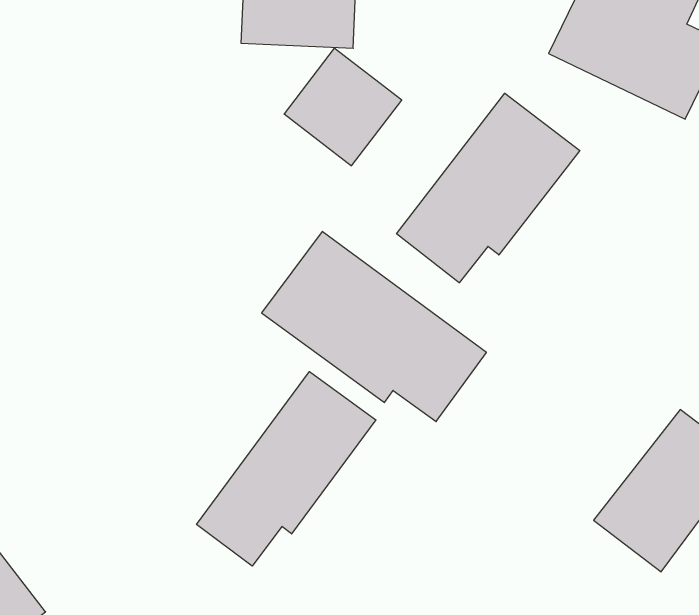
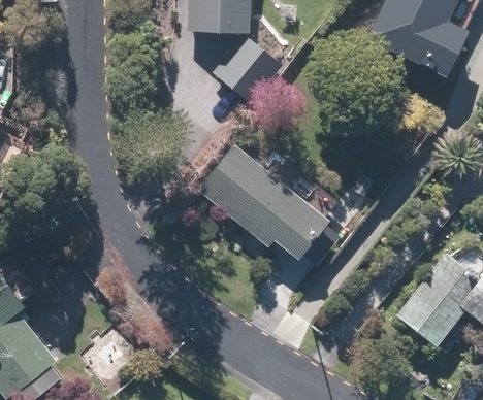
building: [397,93,580,283] -> none
building: [197,372,376,566] -> none

